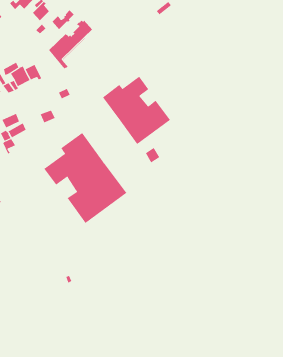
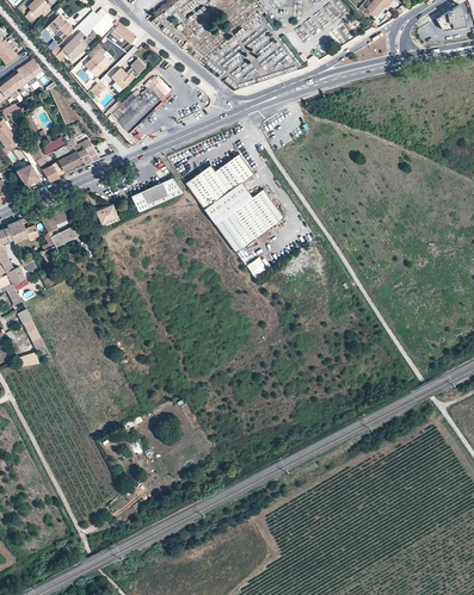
building: none -> [130,178,183,212]
building: [44,132,127,224] -> none

